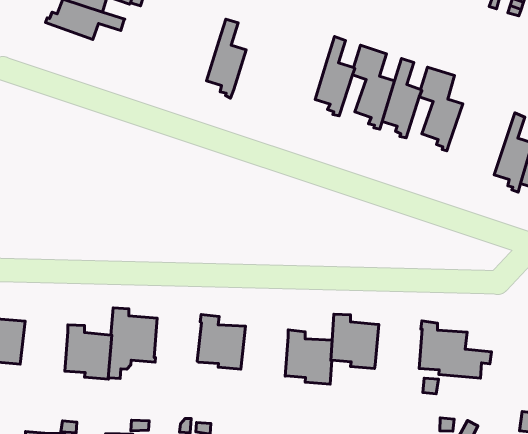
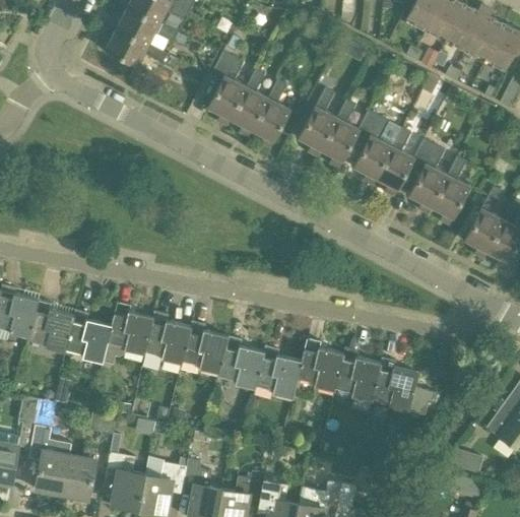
building: none -> [208,52,246,126]
building: none -> [252,79,290,148]
building: none -> [299,88,337,156]
building: none -> [431,156,469,224]
building: none -> [145,311,191,364]
building: none -> [335,347,381,401]
building: none -> [28,301,74,352]
building: none -> [218,336,264,389]

